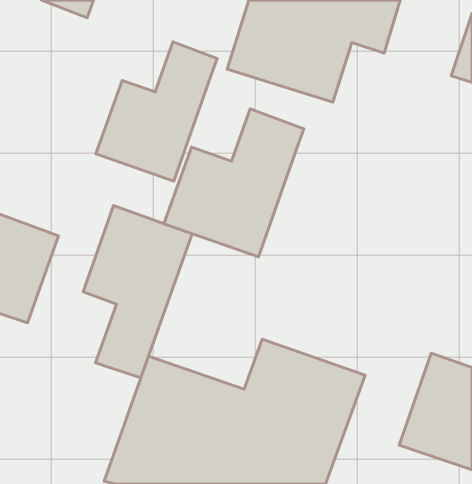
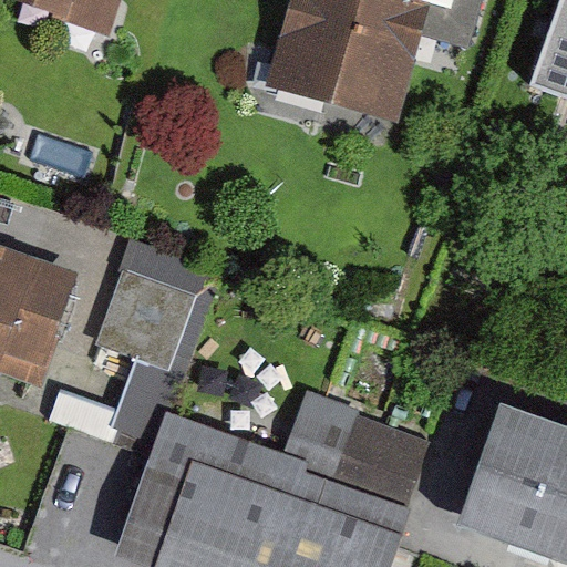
building: [96,42,217,181] -> none
building: [164,109,304,257] -> none

